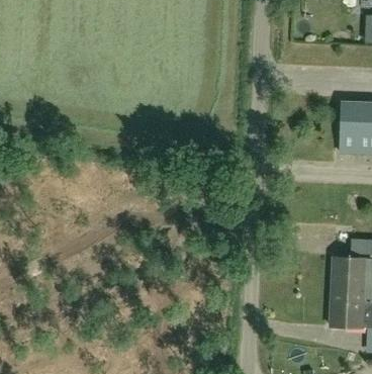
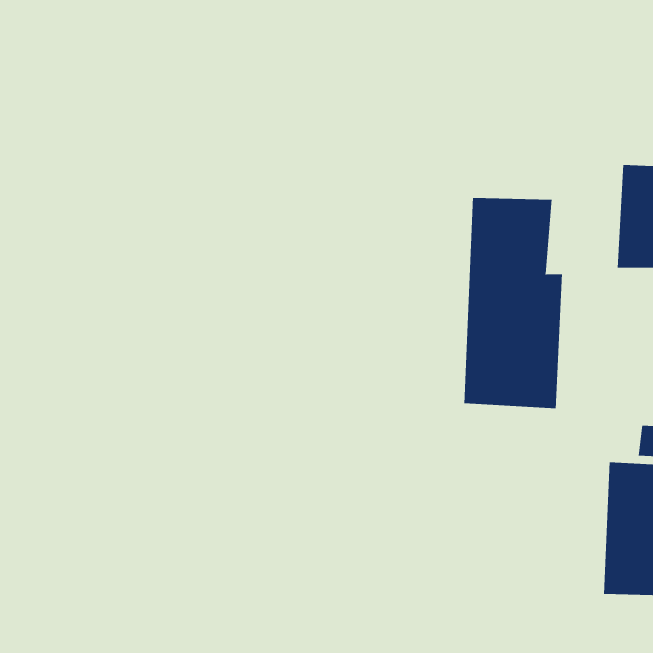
building: none -> [464,197,562,409]

